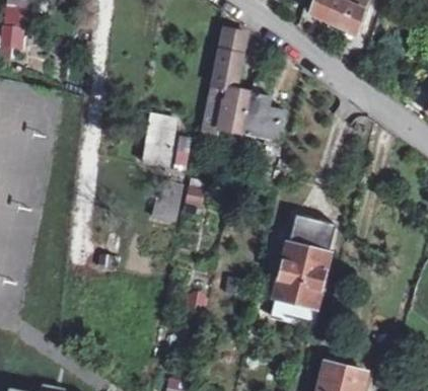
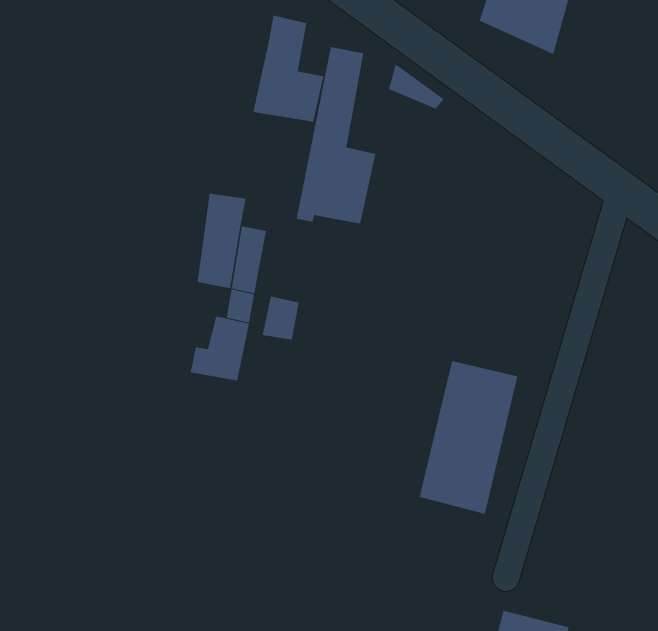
building: [242,78,285,142] -> [252,15,324,122]

